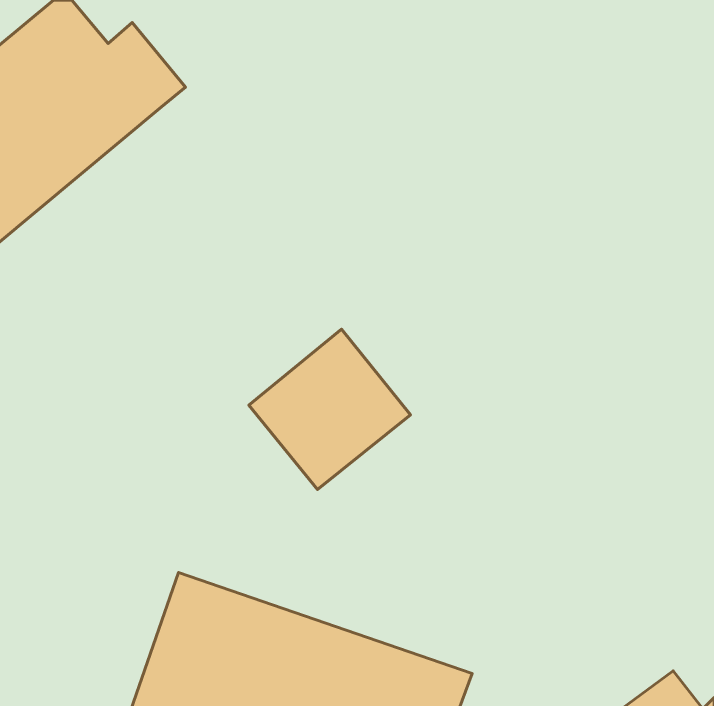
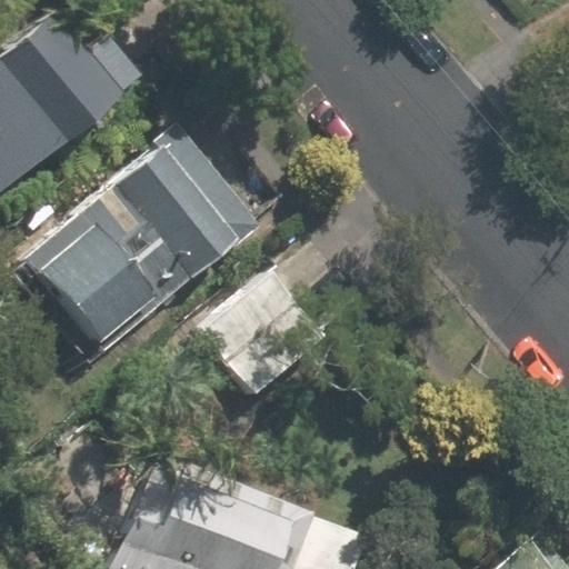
building: none -> [19,141,244,359]

